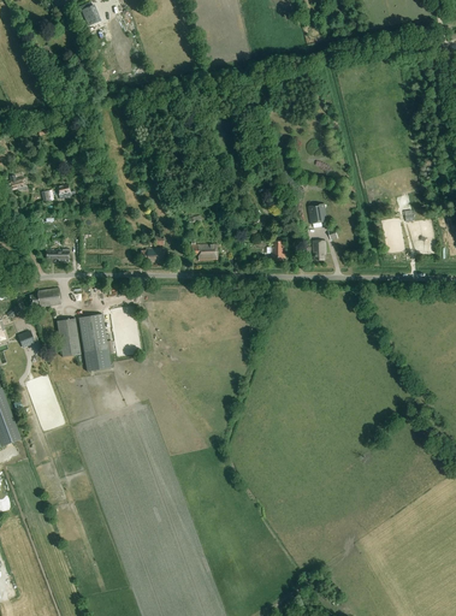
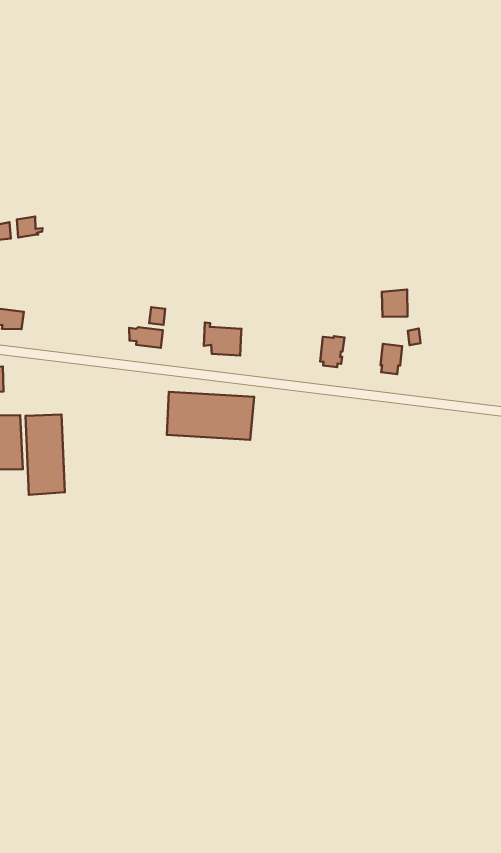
building: none -> [167,392,254,440]

